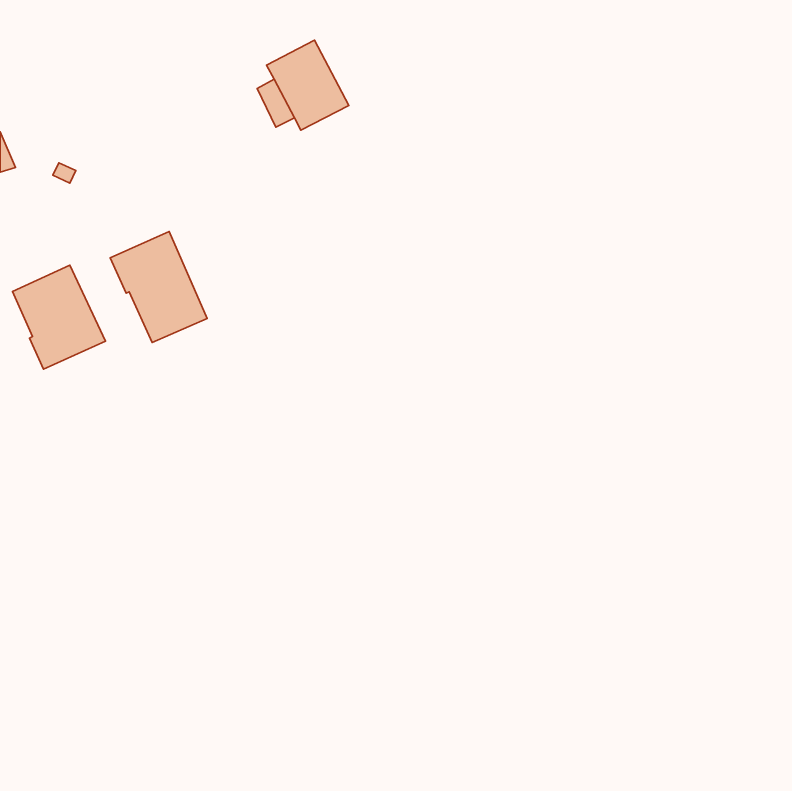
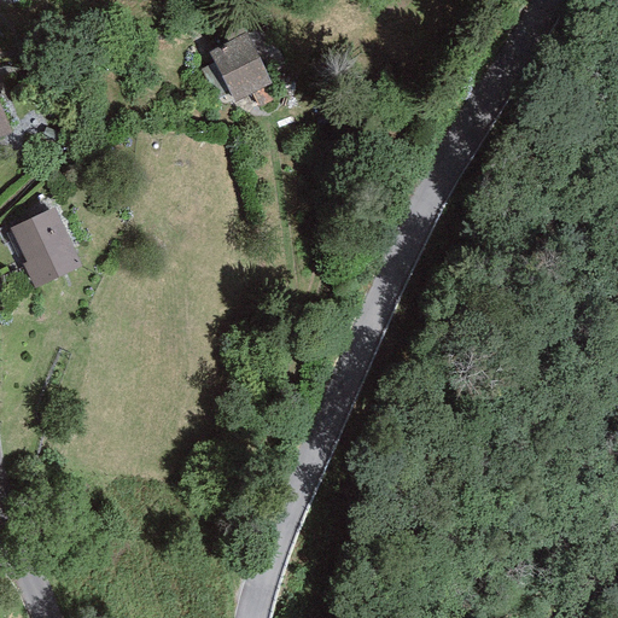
building: [110,231,207,343] -> none

